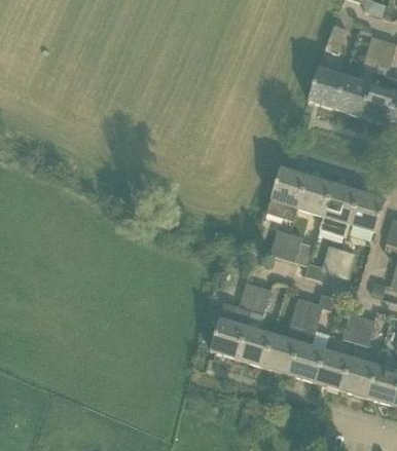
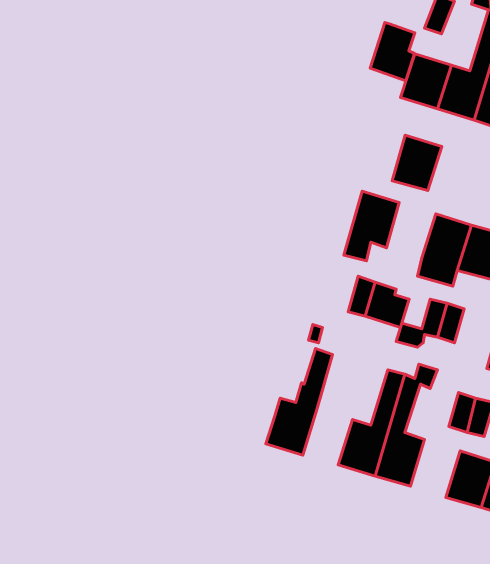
building: none -> [370,23,415,81]
building: [297,176,333,216] -> [392,135,442,191]
building: [237,286,273,366] -> none
building: [315,347,351,389] -> none

